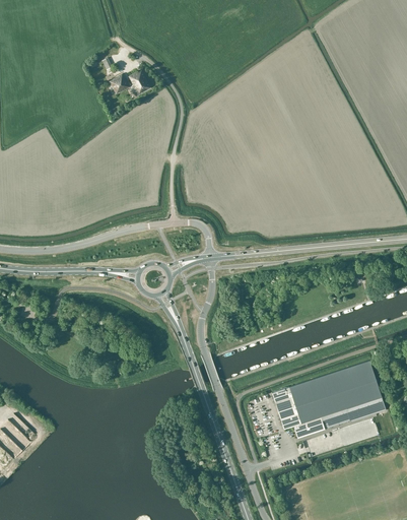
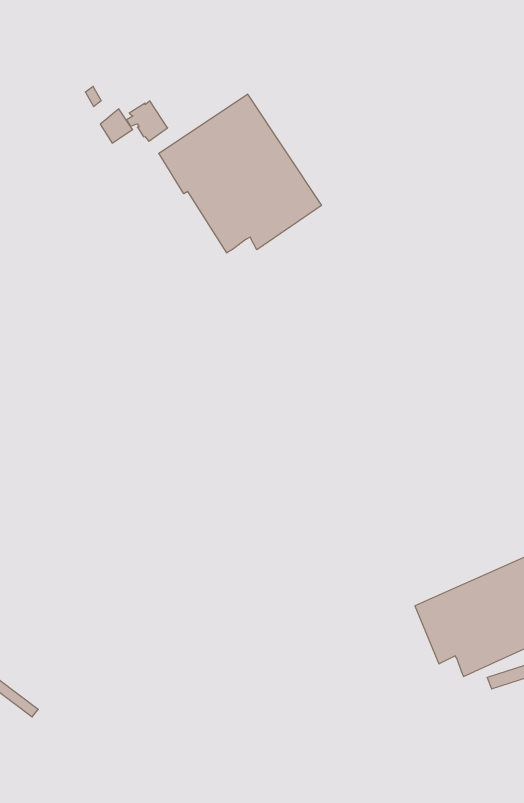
building: none -> [159,94,321,253]

